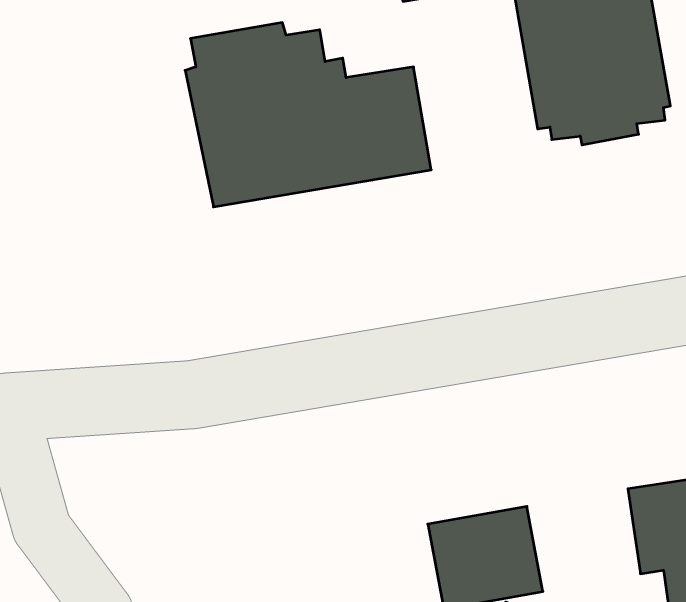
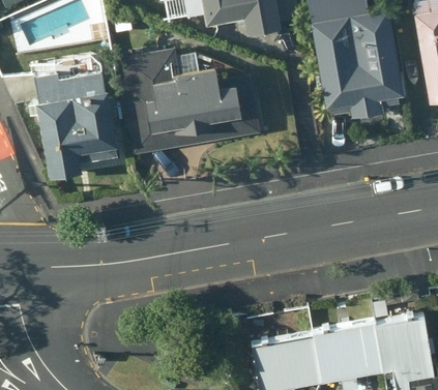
building: none -> [31,71,118,182]
building: none -> [319,321,385,381]

